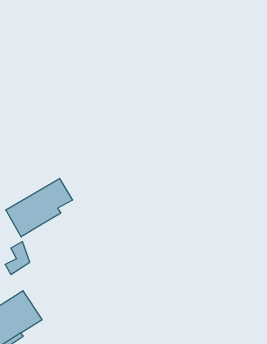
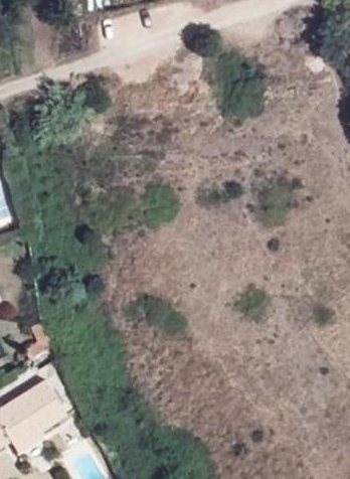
building: [6,178,72,237] -> none

